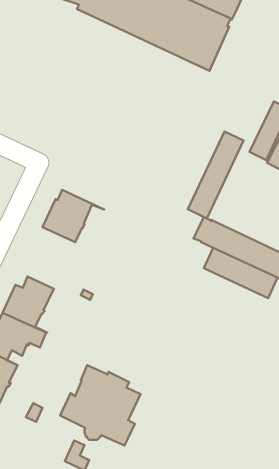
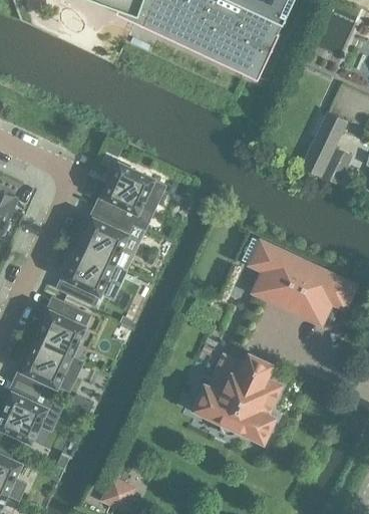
building: [188,131,244,218] -> none
building: none -> [100,163,159,229]
building: none -> [65,248,114,305]
building: [60,365,140,445] -> [195,354,281,441]

